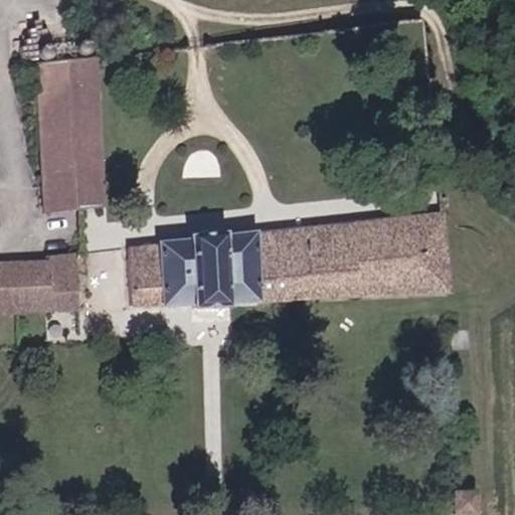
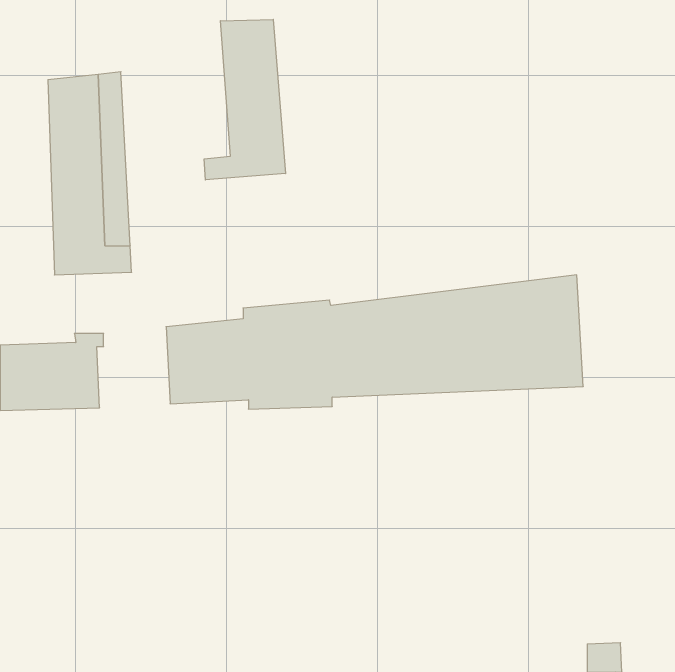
building: none -> [204,19,286,180]

